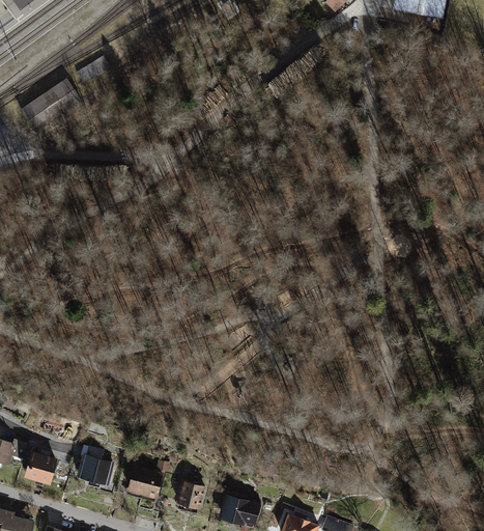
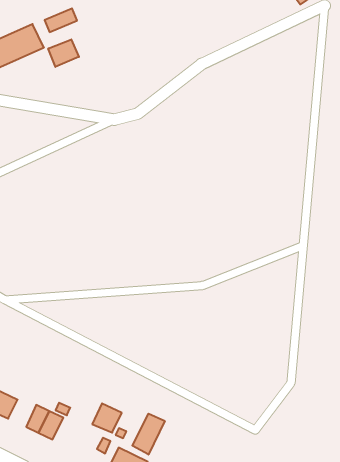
building: none -> [48,39,79,67]
building: none -> [132,414,165,455]
building: [176,480,204,508] -> [92,403,122,433]

